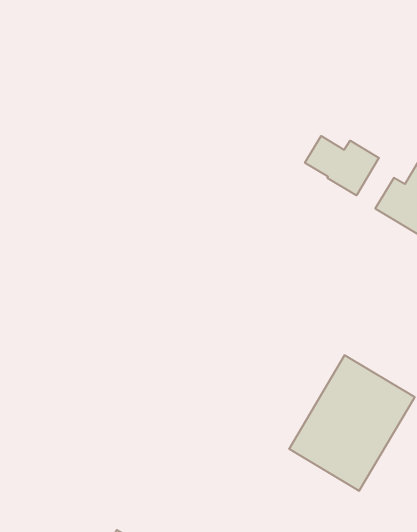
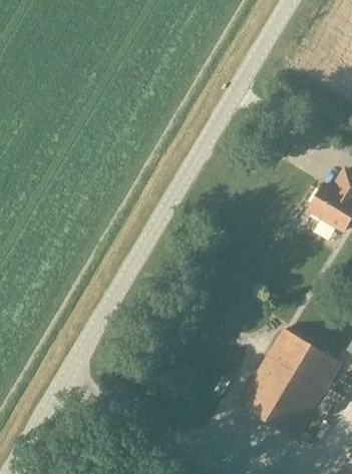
building: [305,136,379,195] -> none

